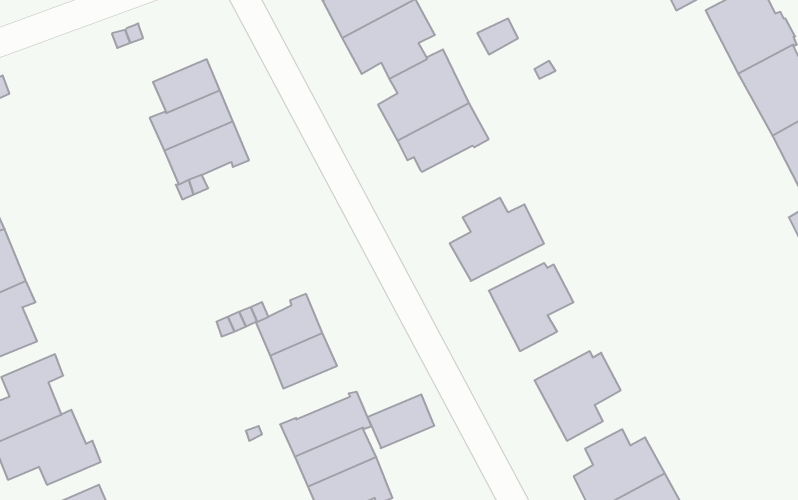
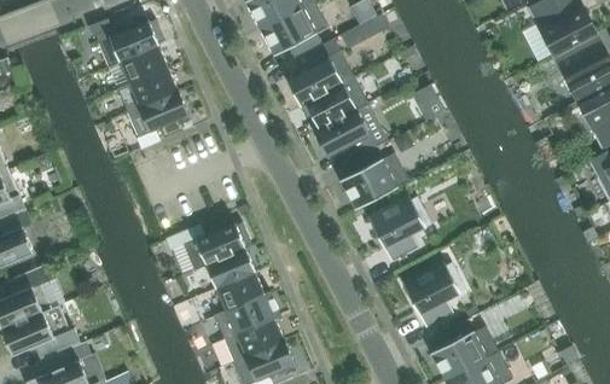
building: none -> [109,16,159,62]
building: none -> [313,109,377,162]
building: [368,394,434,448] -> [216,272,266,312]

